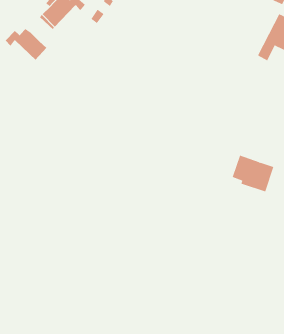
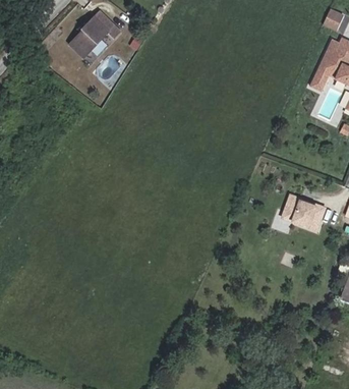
building: [5,28,47,61] -> none

